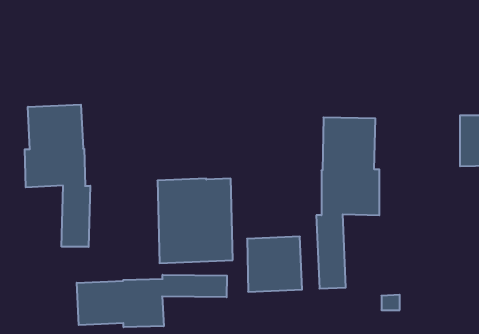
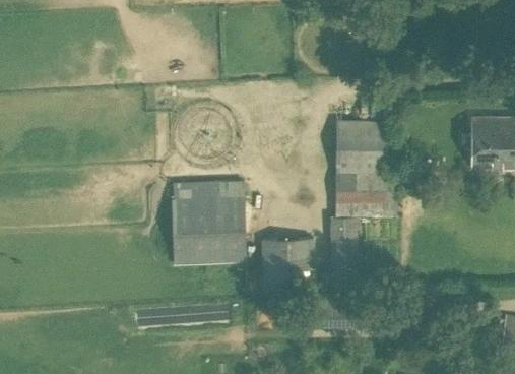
building: [25,105,90,247] -> none
building: [77,275,227,327] -> none

